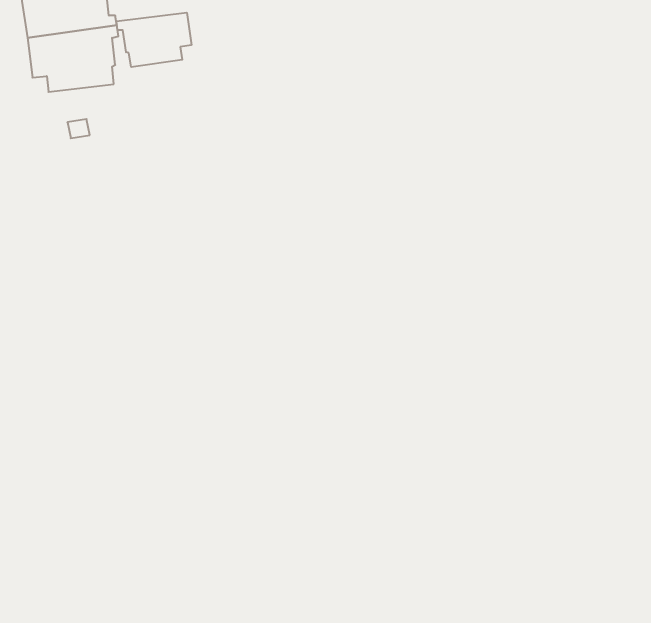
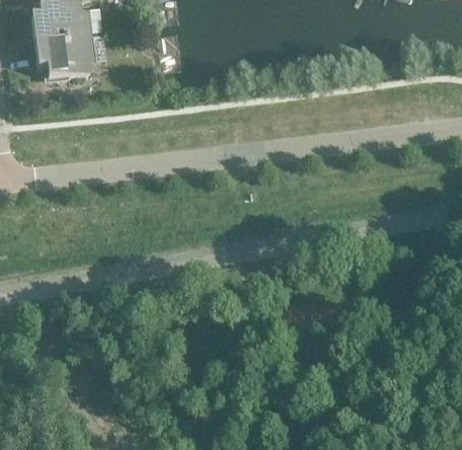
building: [116,13,191,67] -> none

